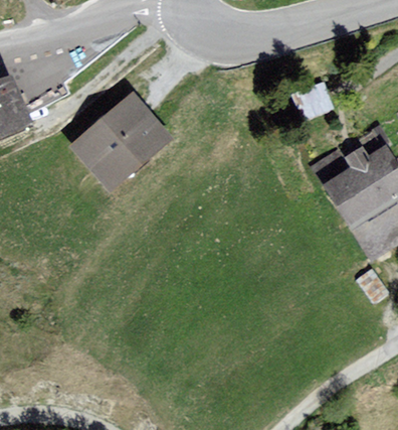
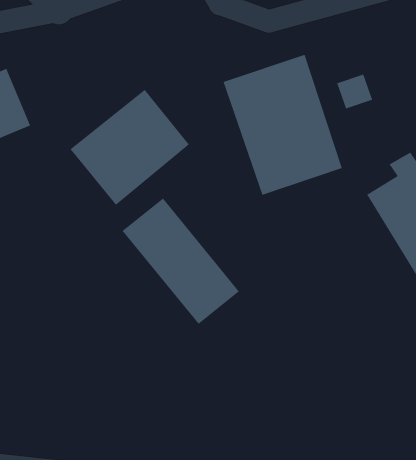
building: none -> [223,54,343,196]
building: none -> [122,197,240,325]

